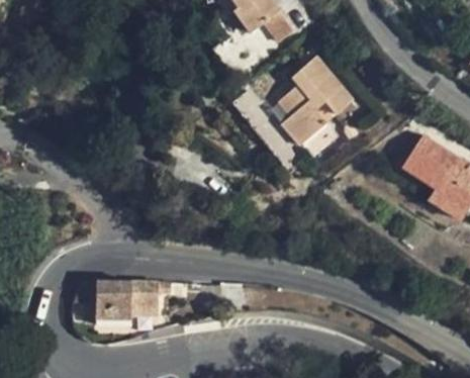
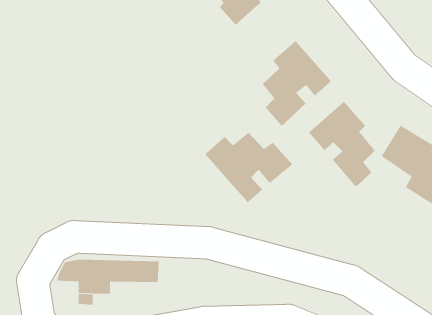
building: none -> [308,101,376,188]
building: none -> [205,132,293,203]

